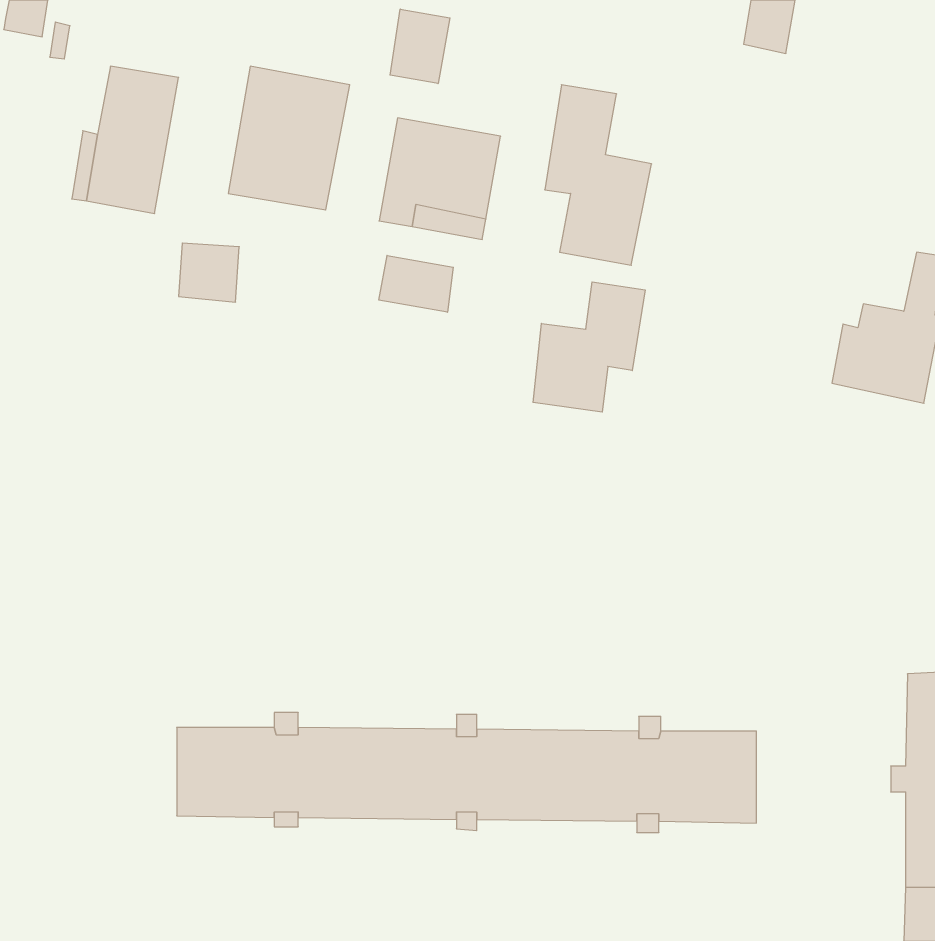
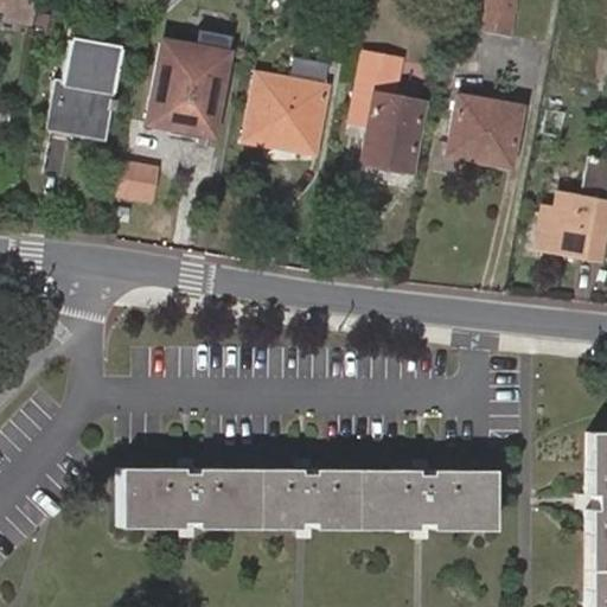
building: [390,9,450,84] -> none
building: none -> [449,97,522,168]
building: [379,255,453,312] -> none
building: [533,282,645,412] -> none

